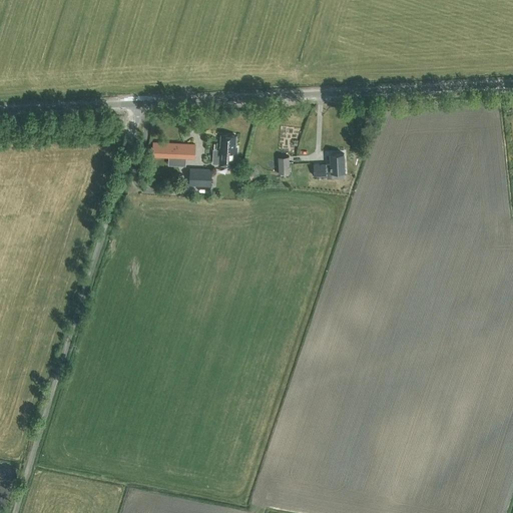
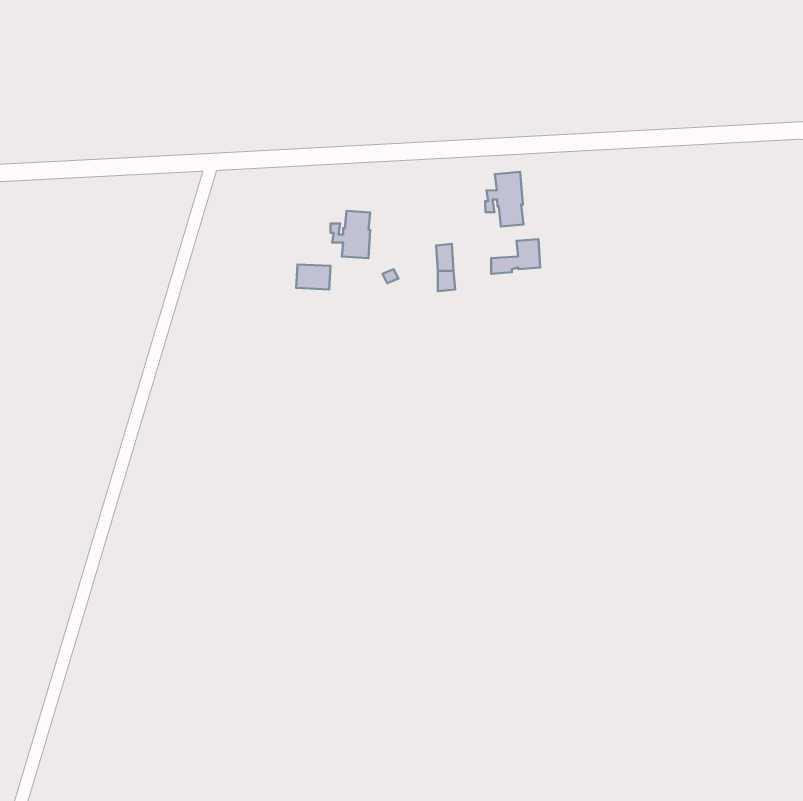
building: none -> [485,172,523,227]
building: [151,143,194,158] -> none

